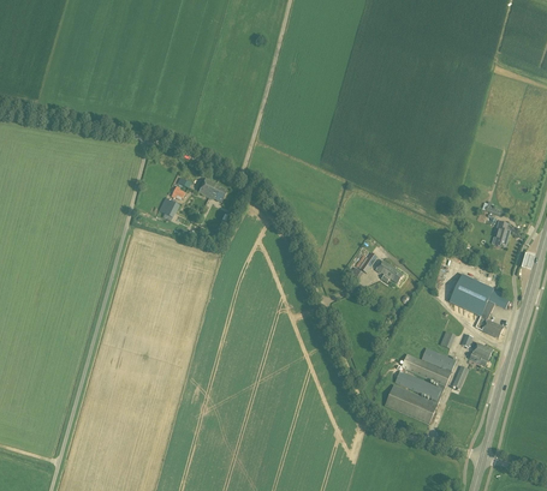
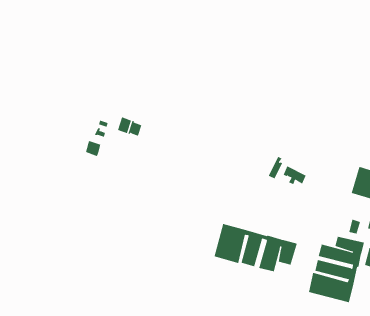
building: none -> [214,223,298,272]

